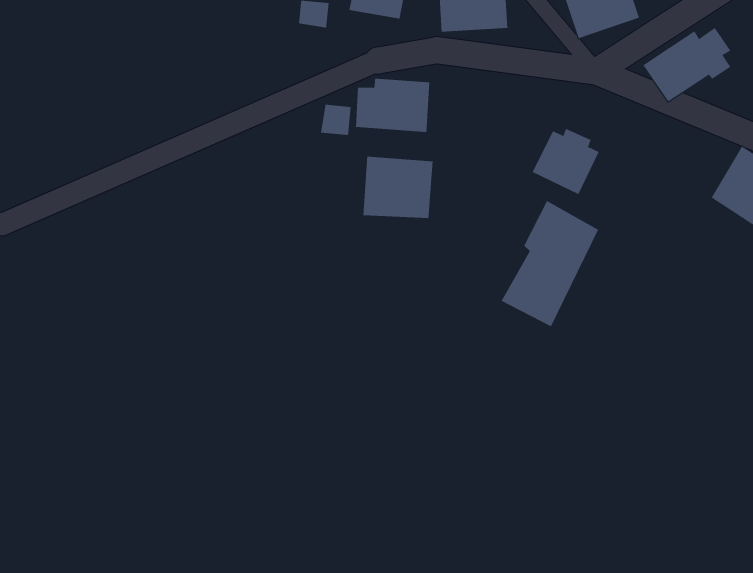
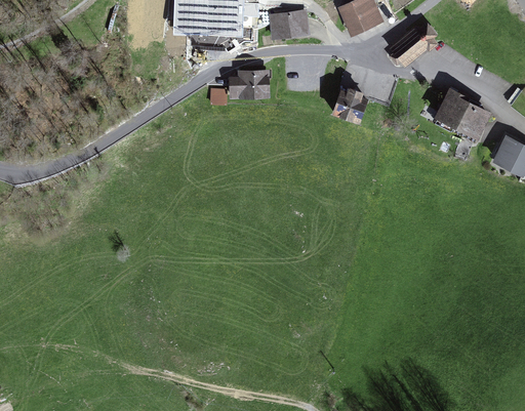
building: [363,156,433,219] -> none
building: [501,200,599,327] -> none

